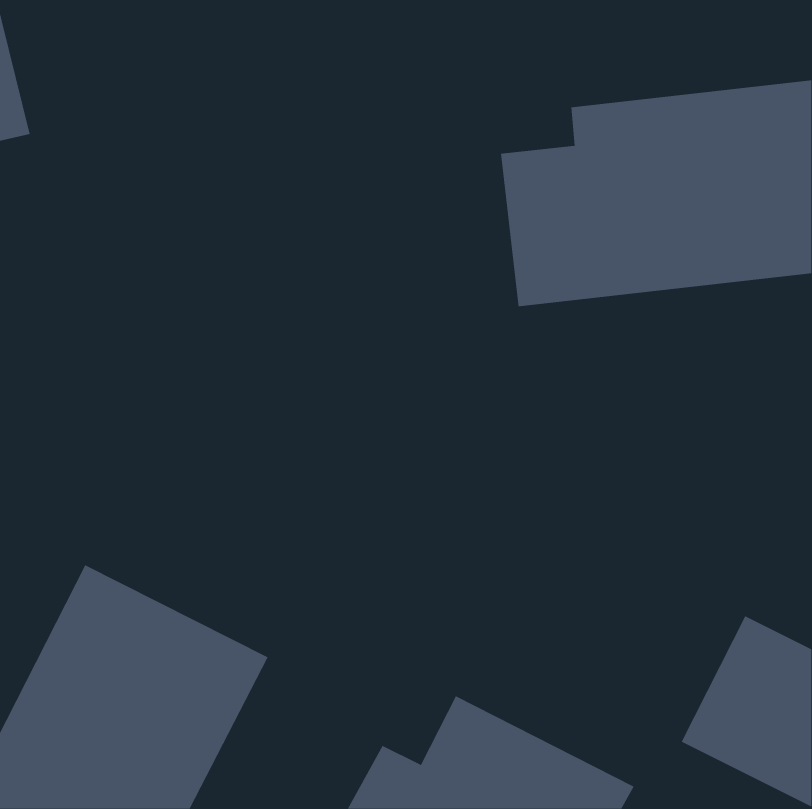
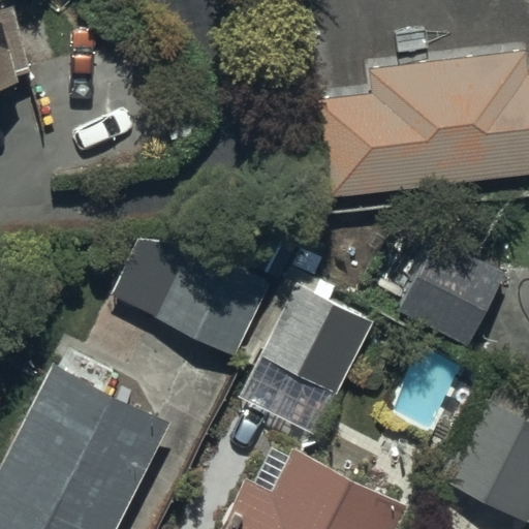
building: none -> [106,239,272,357]
building: none -> [398,239,506,349]
building: none -> [240,284,374,437]

